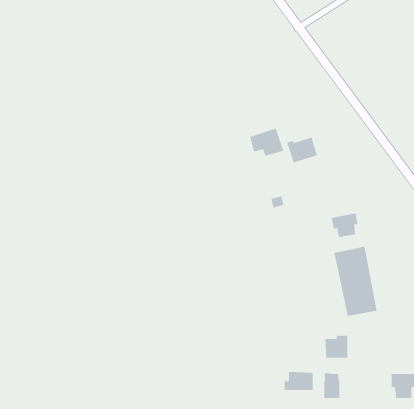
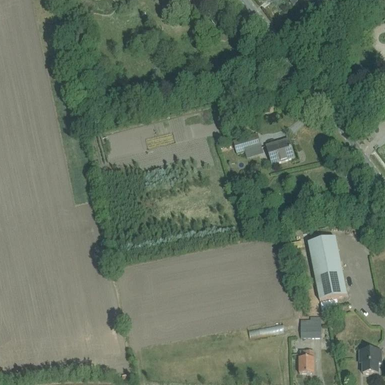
building: [331,213,359,238] -> none
building: [284,371,314,391] -> none

